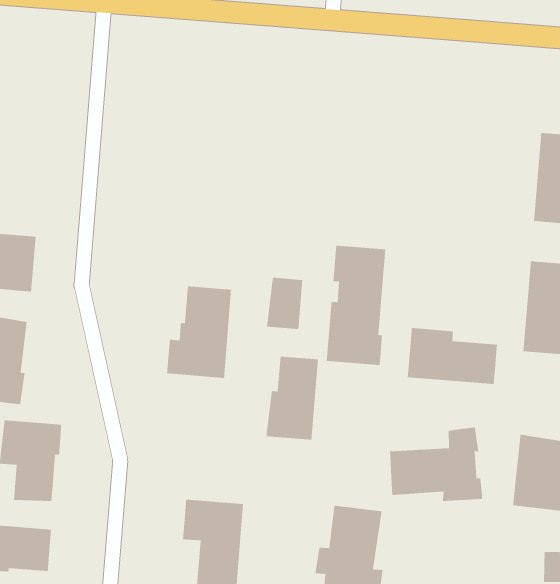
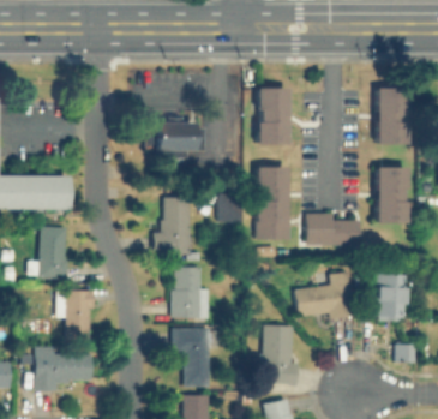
building: none -> [253,86,284,143]
building: none -> [145,121,204,157]
building: [265,356,319,441] -> [173,267,202,317]

